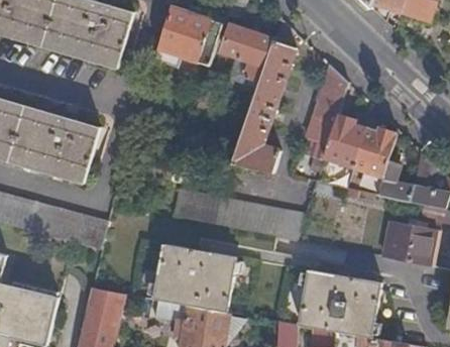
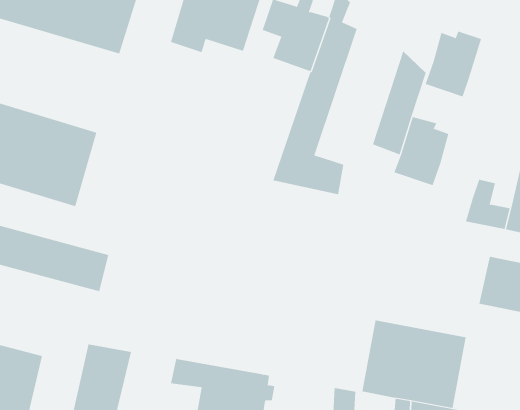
building: [353,127,397,178] -> [425,31,482,97]
building: [172,189,305,239] -> none
building: [153,244,233,311] -> none

